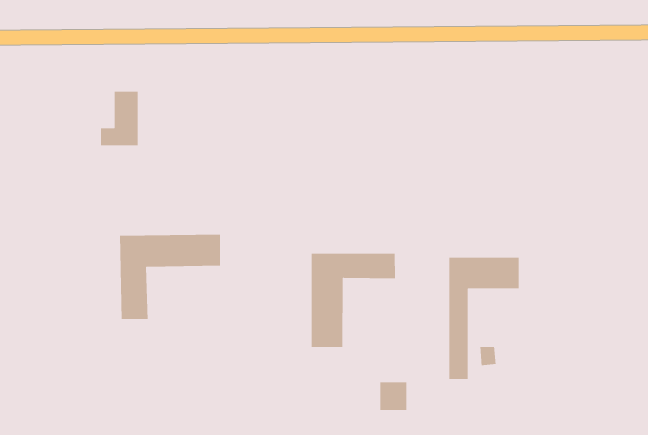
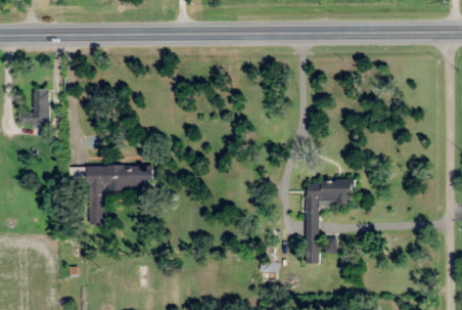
building: [100,91,139,146] -> [22,88,48,125]
building: [311,253,396,348] -> none

